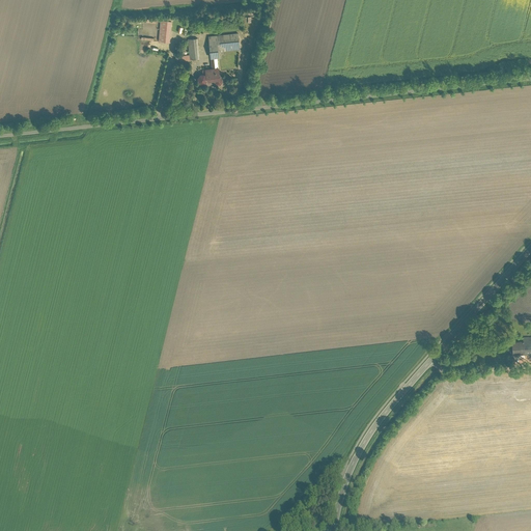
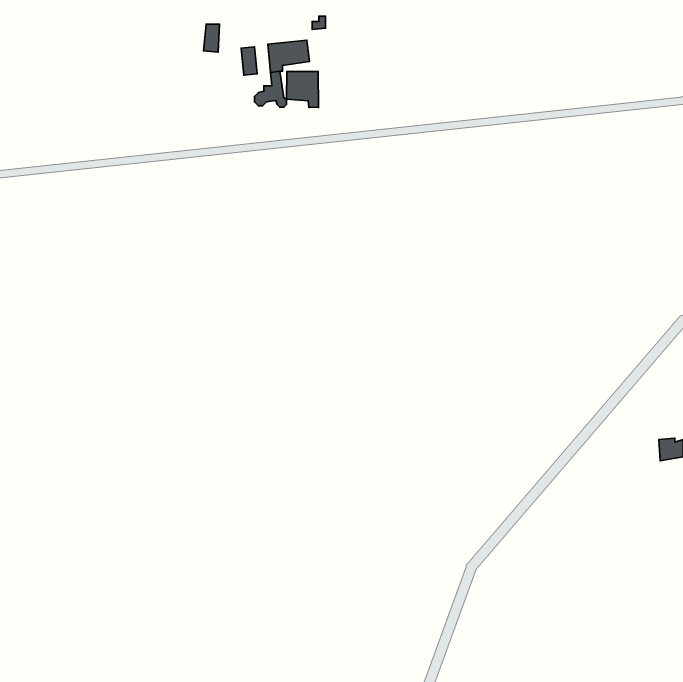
building: none -> [287,72,318,108]

